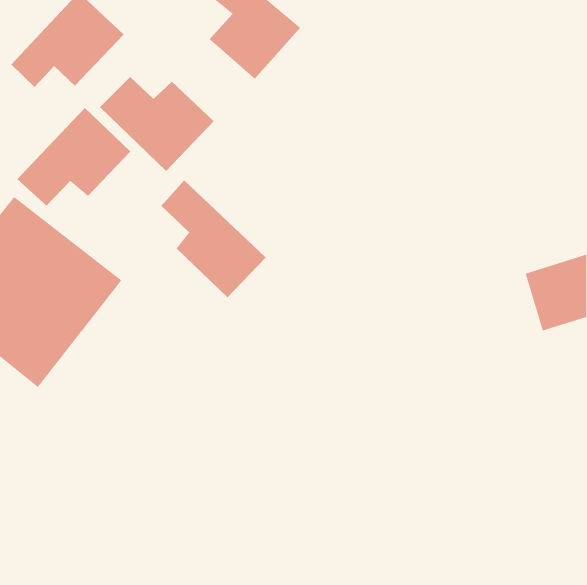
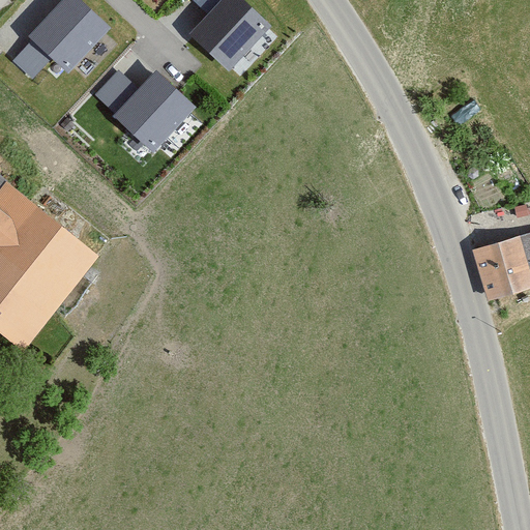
building: [17,107,131,206] -> none
building: [161,179,266,298] -> none

